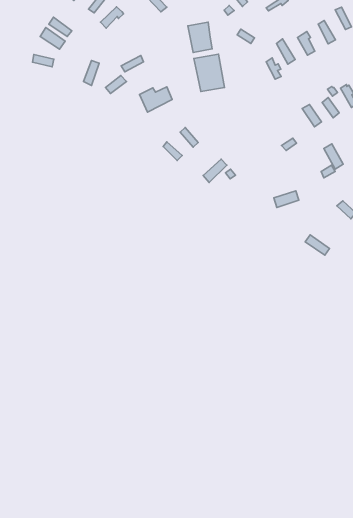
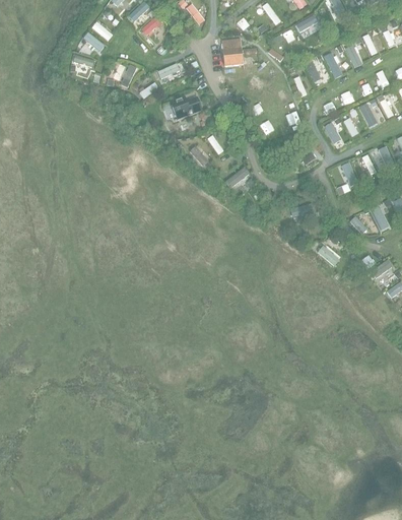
building: [194,54,224,92] -> none

